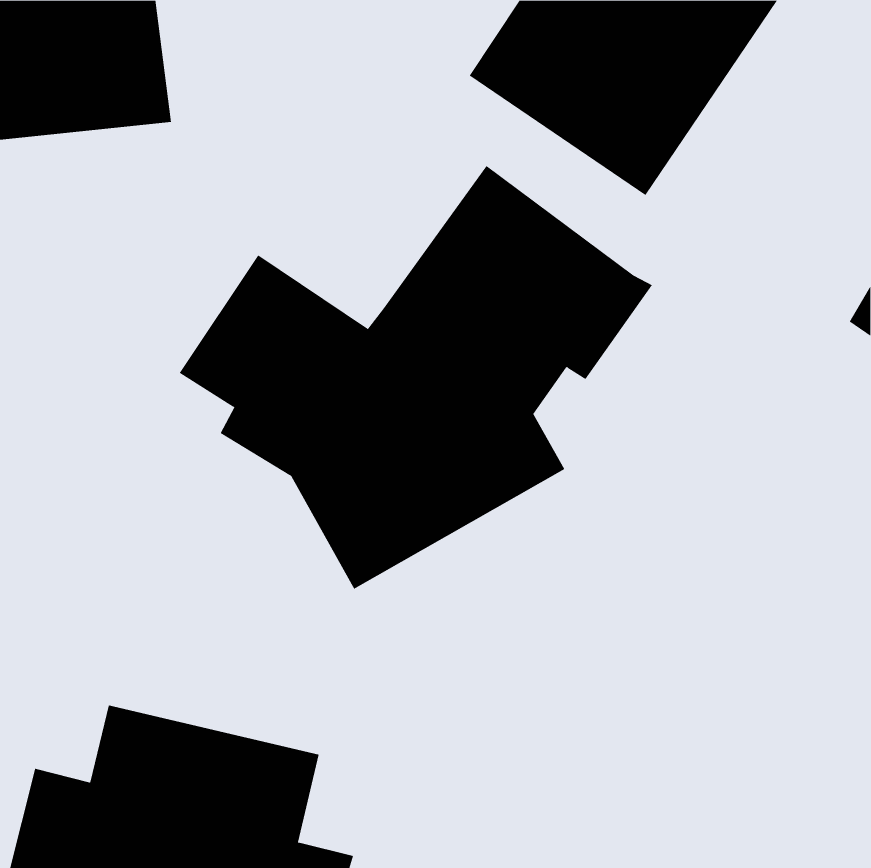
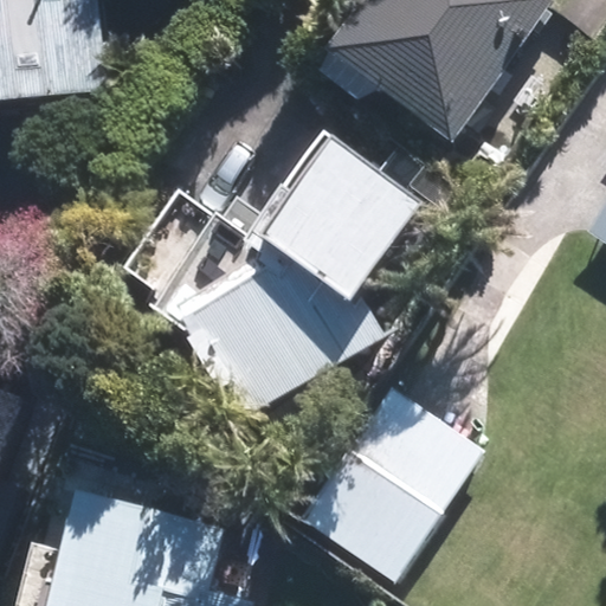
building: none -> [297,382,482,579]

